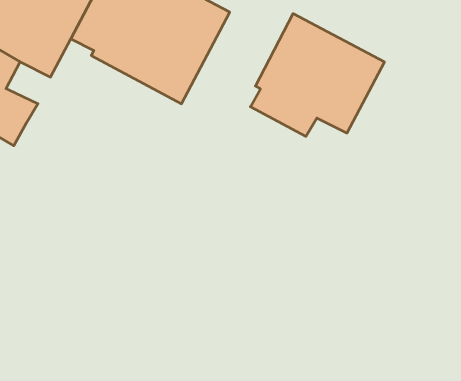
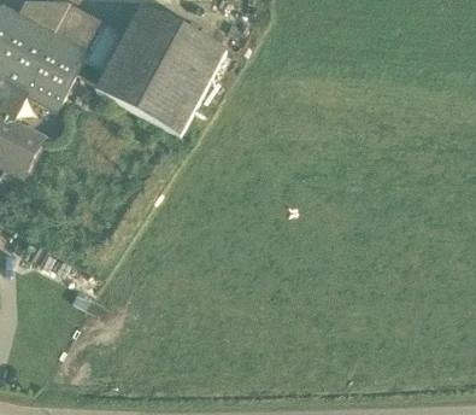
building: [250,14,384,136] -> none

